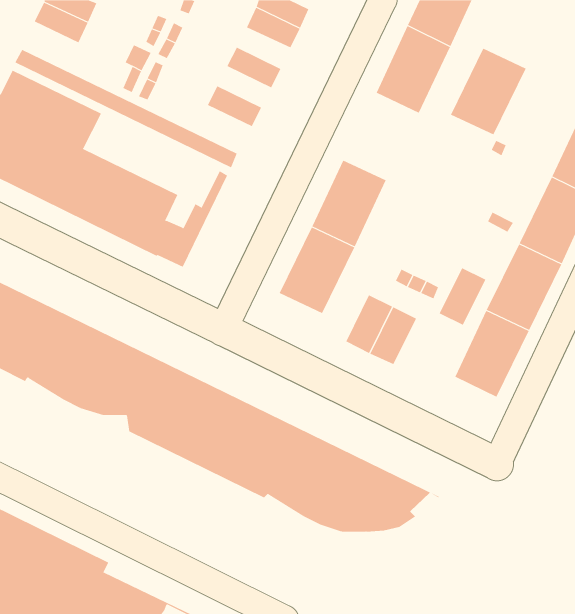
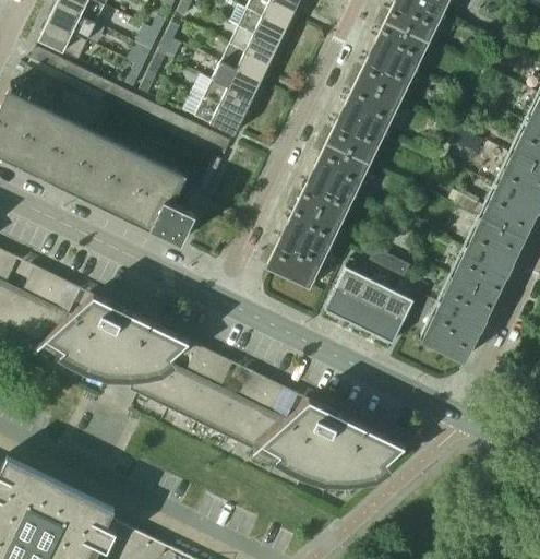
building: none -> [37,23,86,61]
building: none -> [228,28,277,66]
building: [450,48,527,135] -> [324,87,393,166]
building: none -> [211,63,260,100]
building: none -> [193,98,242,136]
building: [439,267,486,326] -> [370,290,412,343]

